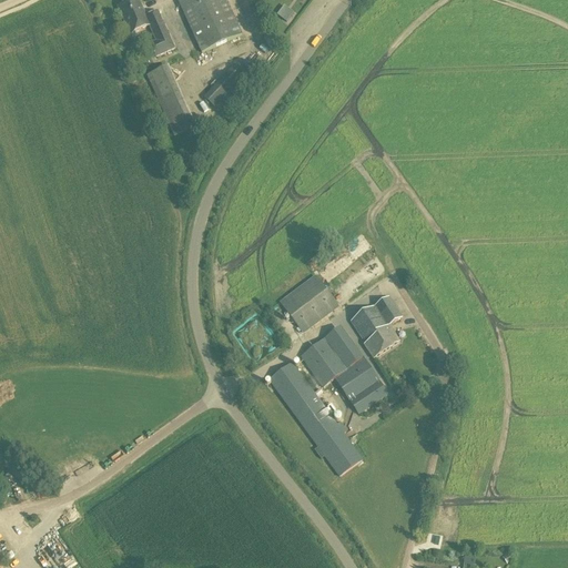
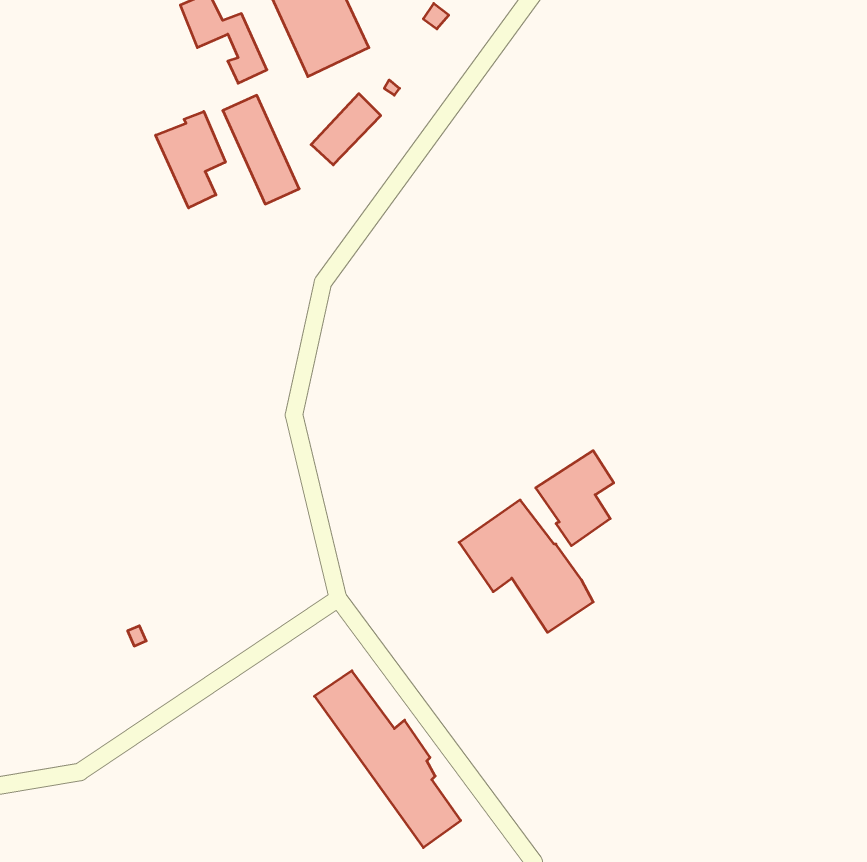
building: none -> [156,111,225,208]
building: [278,274,336,331] -> none
building: [267,361,363,476] -> [314,671,461,848]

